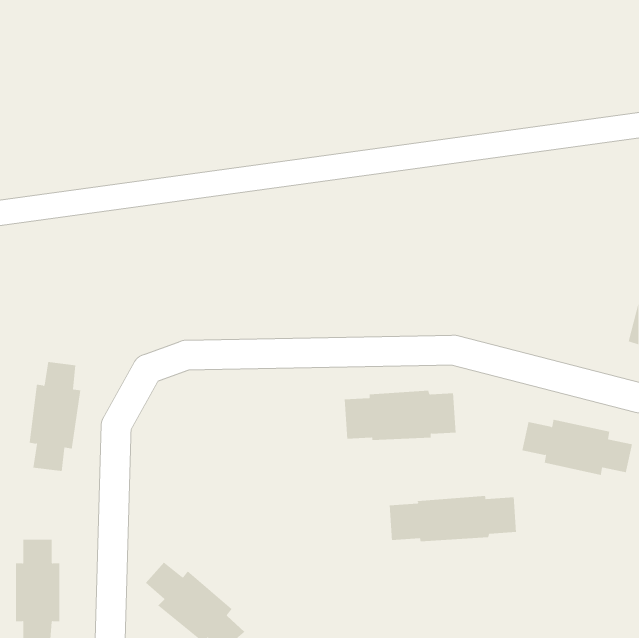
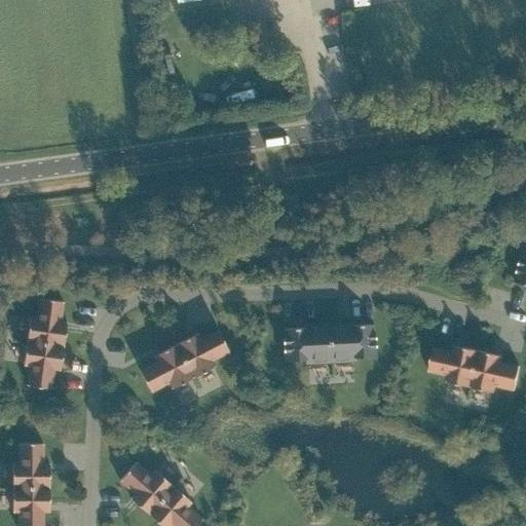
building: none -> [140,330,229,392]
building: [389,495,517,542] -> none

